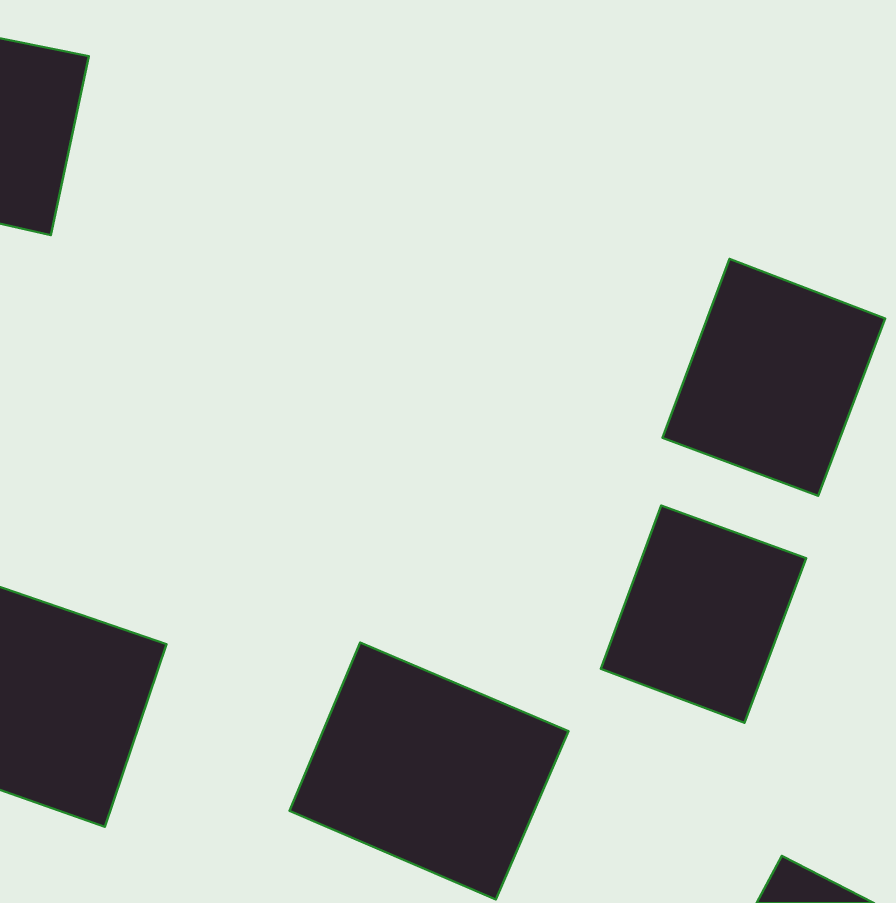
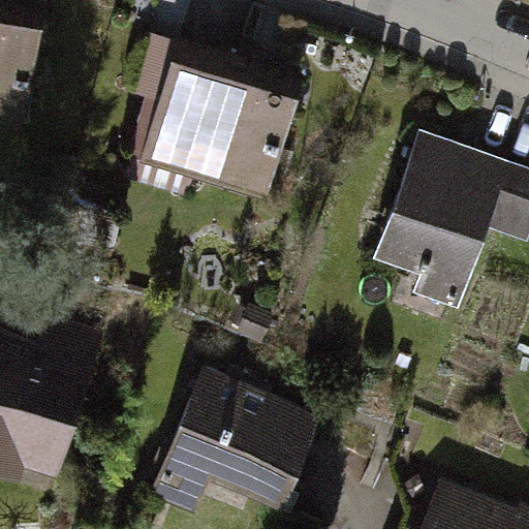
building: none -> [151,66,290,194]
building: [601,505,806,723] -> none

